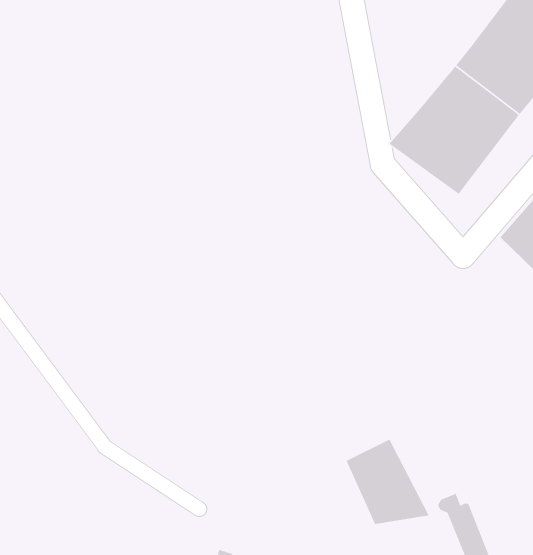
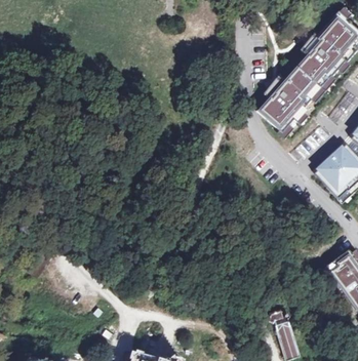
building: [346,439,430,525] -> none

